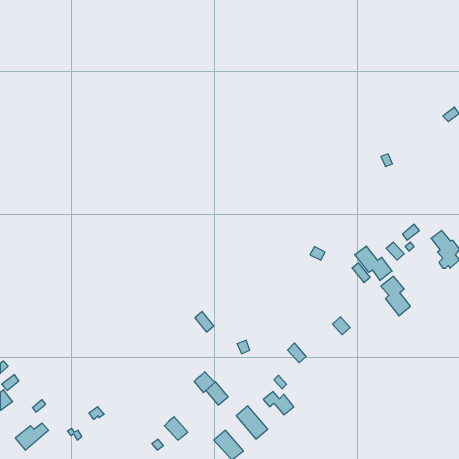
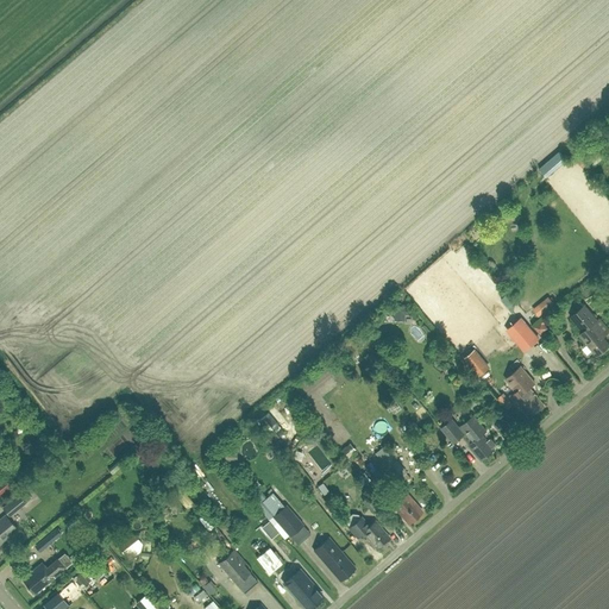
building: [355,246,392,281] -> none
building: none -> [462,416,496,462]
building: none -> [393,486,422,525]

